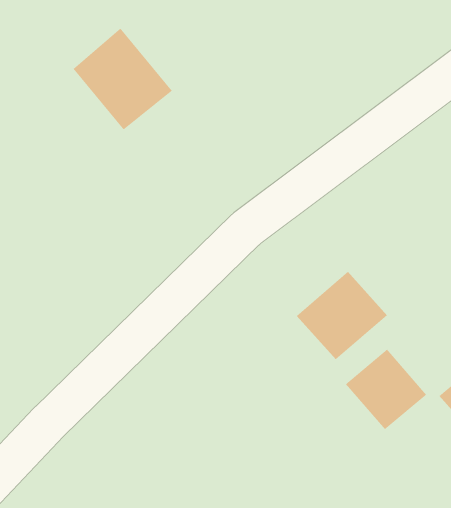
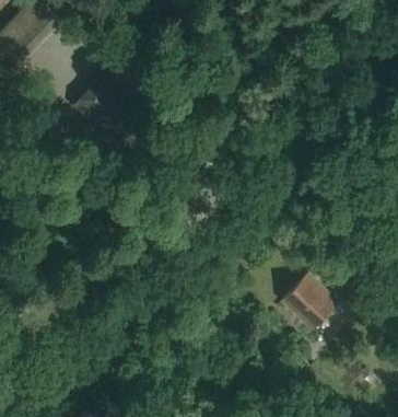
building: [296,271,388,360] -> none

